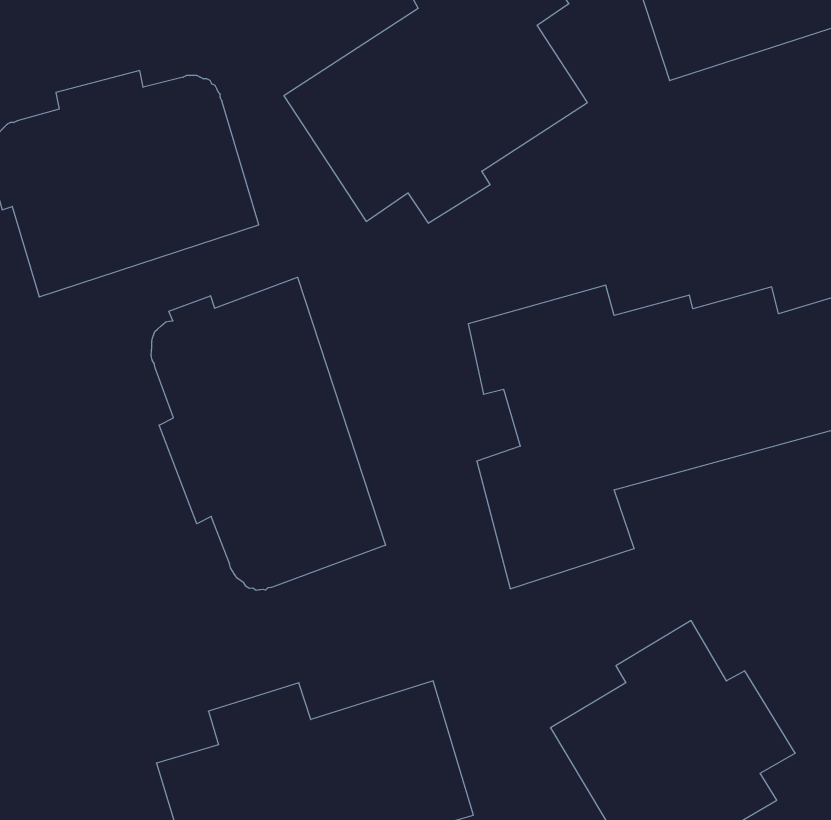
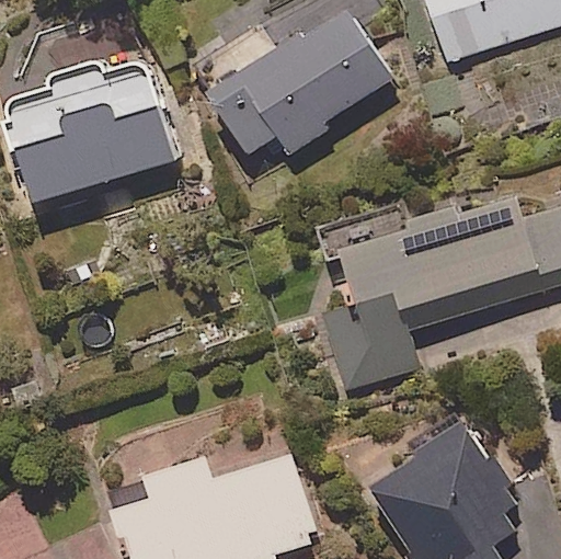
building: [151,277,386,590] -> none

